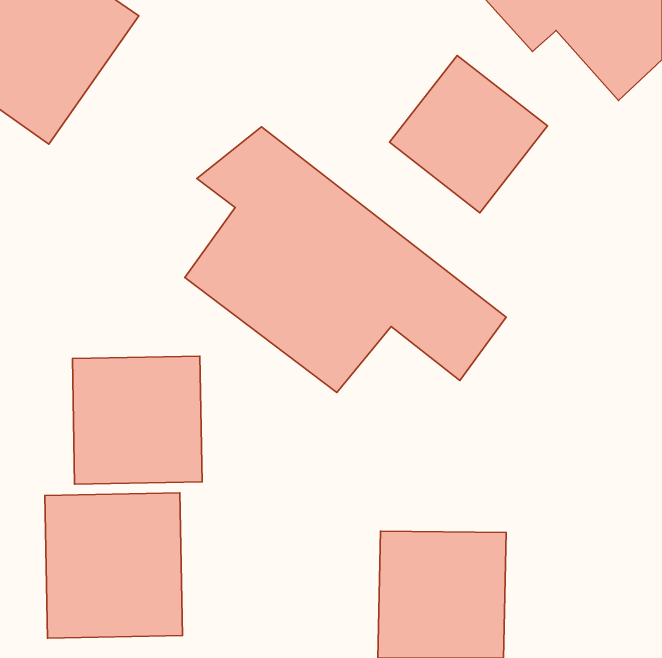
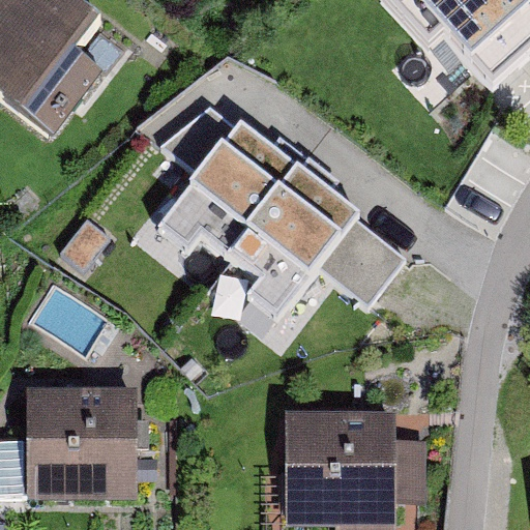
building: [389,56,548,213] -> none
building: [72,356,202,484] -> none

